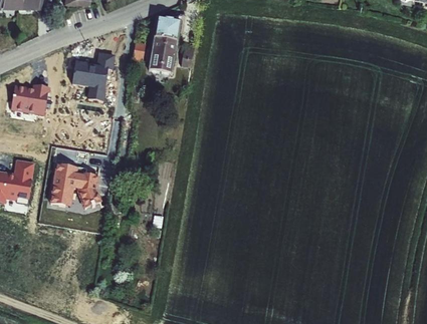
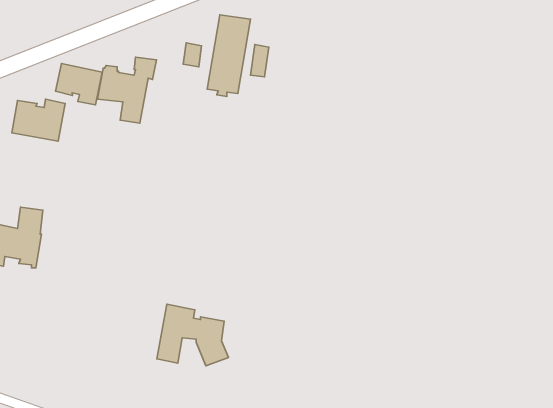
building: none -> [55,63,102,105]
building: [50,163,101,207] -> [157,304,228,366]

